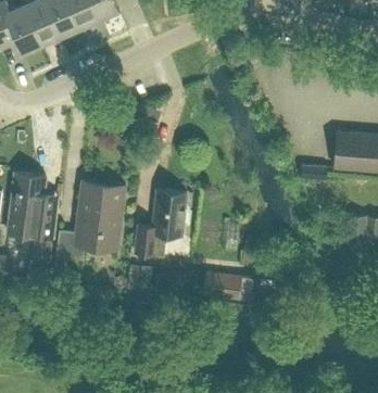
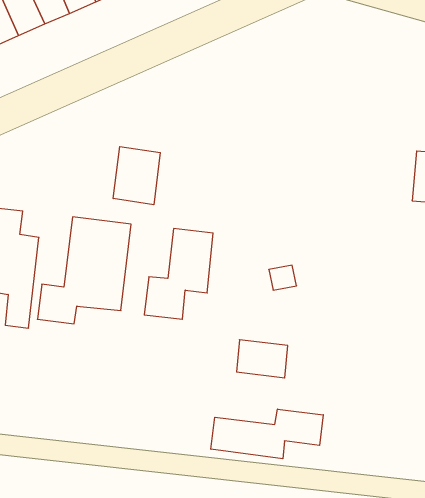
building: none -> [113,147,160,205]
building: none -> [211,409,323,459]

